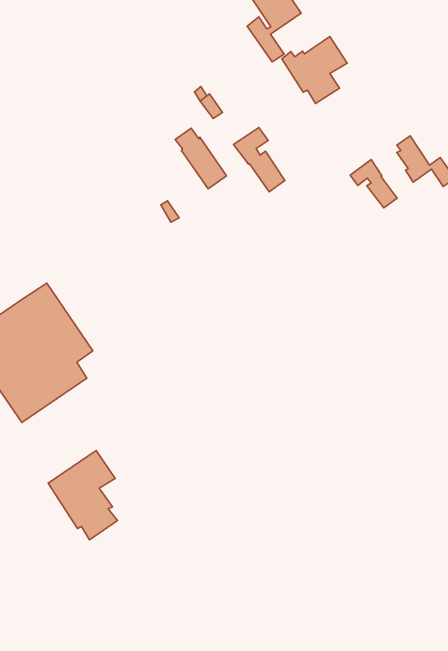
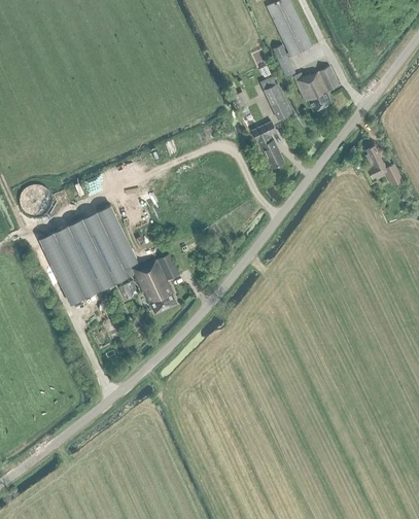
building: [175,128,227,189] -> [260,77,292,122]
building: [350,160,397,208] -> none
building: [48,450,118,540] -> [133,252,180,314]

